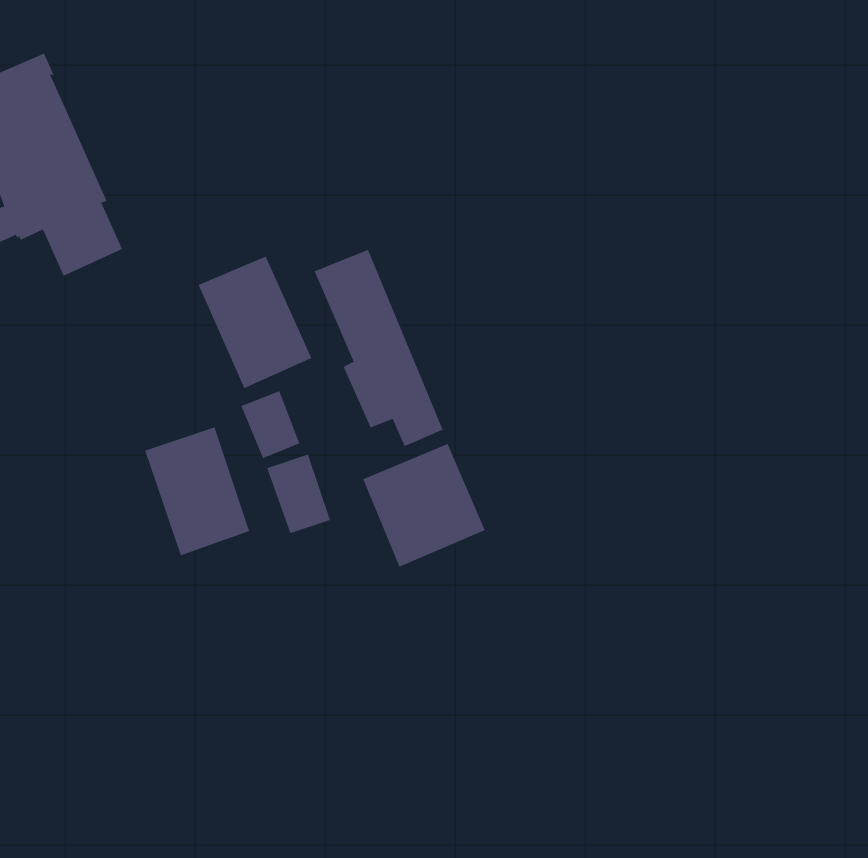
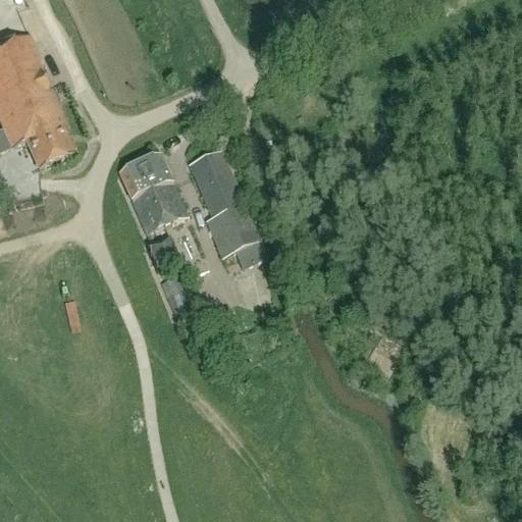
building: [144,427,250,556] -> none
building: [362,443,485,567] -> none

